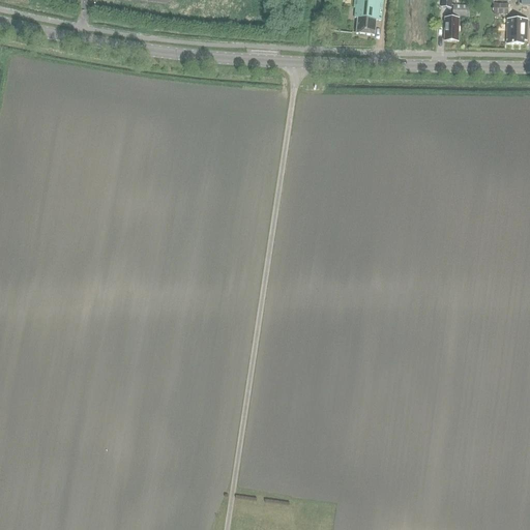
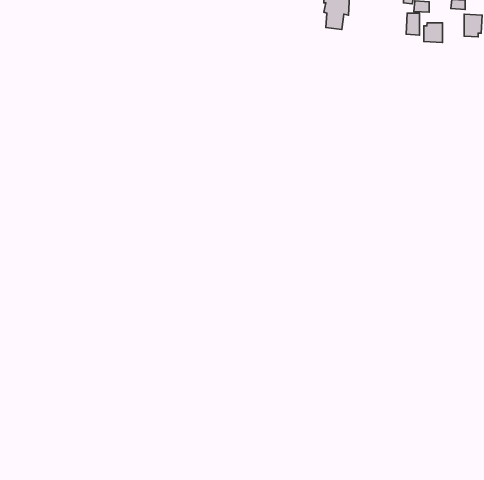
building: none -> [424,23,442,43]

